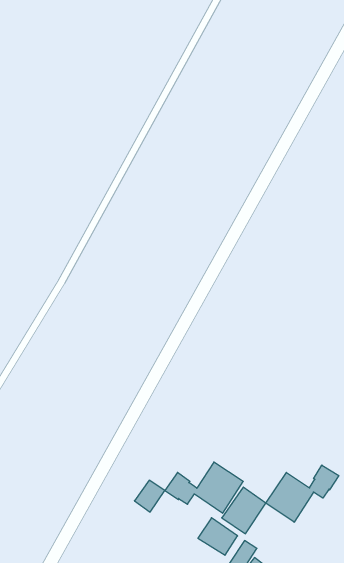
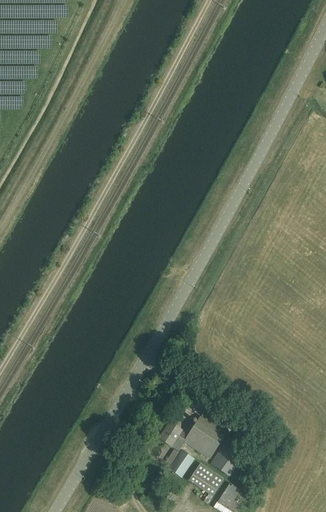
building: [266,465,339,522] -> none
building: [134,480,165,512] -> [166,449,193,477]

